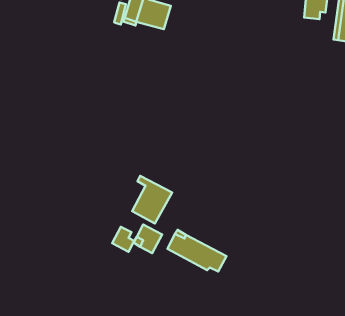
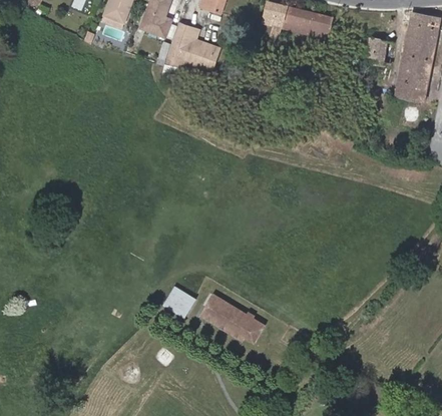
building: [132,176,172,223] -> none
building: [112,227,134,252] -> none

